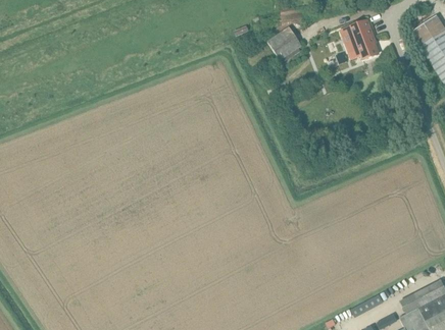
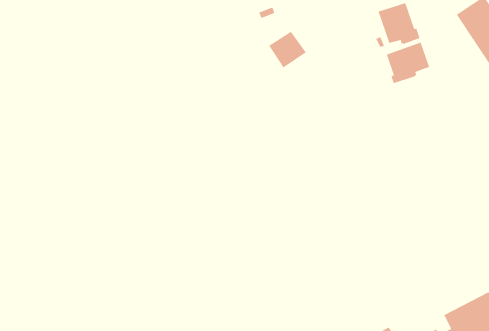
building: [267,26,302,60] -> [268,31,307,68]
building: none -> [386,41,430,84]

